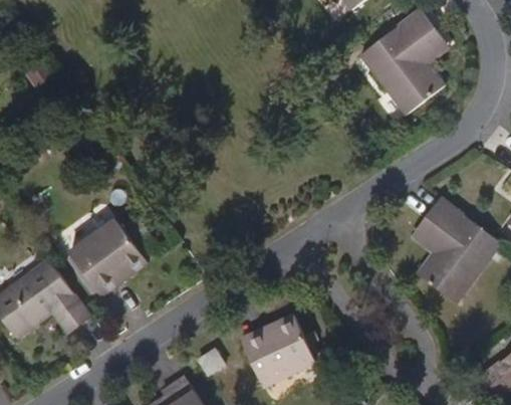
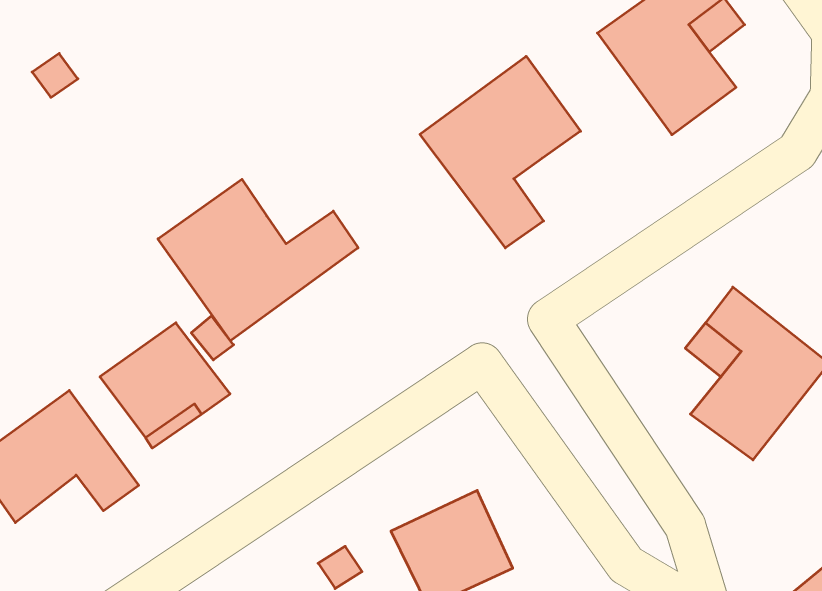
building: none -> [420,56,581,248]
building: none -> [158,179,358,341]

